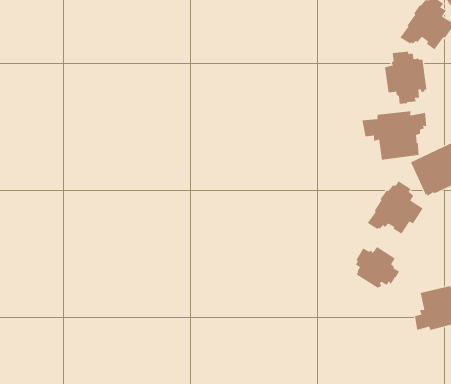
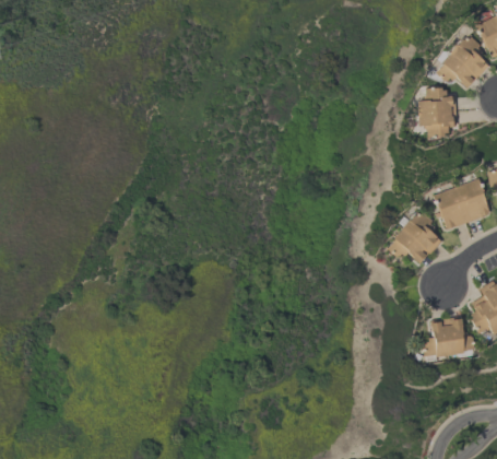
building: [362,110,427,160] -> none
building: [355,246,400,289] -> none

